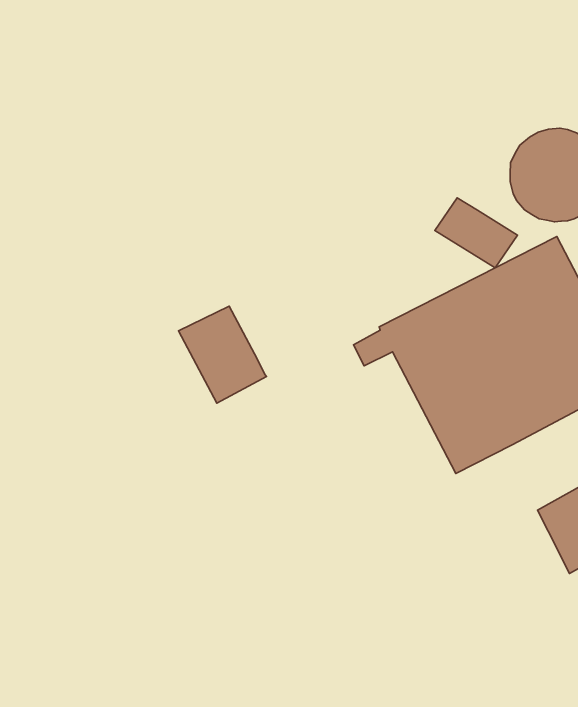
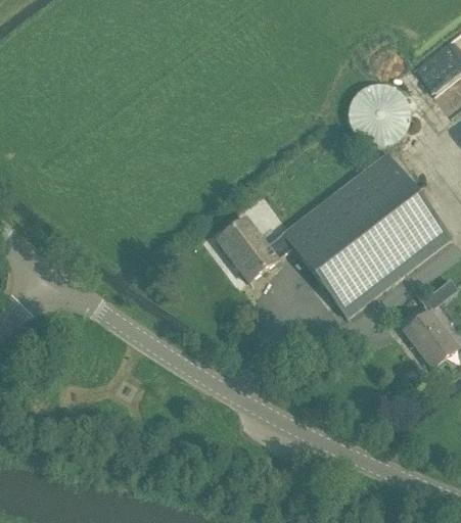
building: [435,198,518,268] -> none
building: [178,306,266,403] -> [218,218,279,281]

